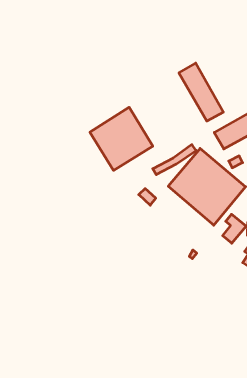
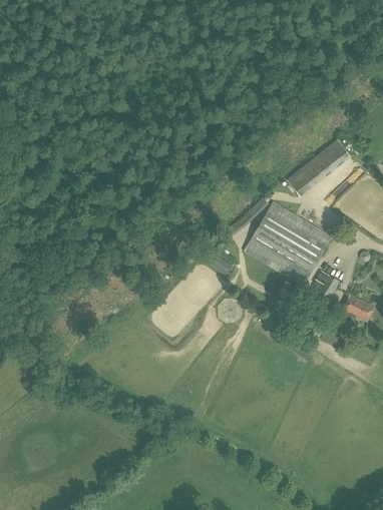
building: [179,63,223,121] -> none
building: [90,107,153,170] -> none

